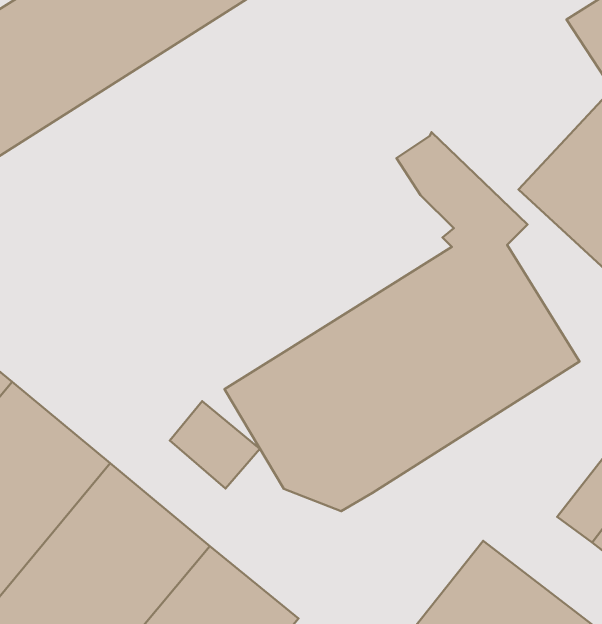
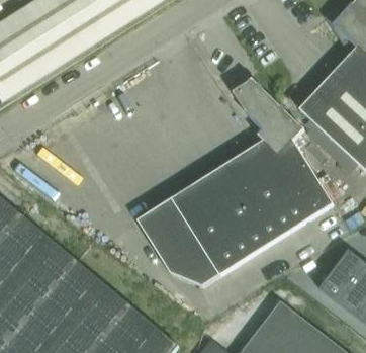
building: [170,401,260,489] -> none

